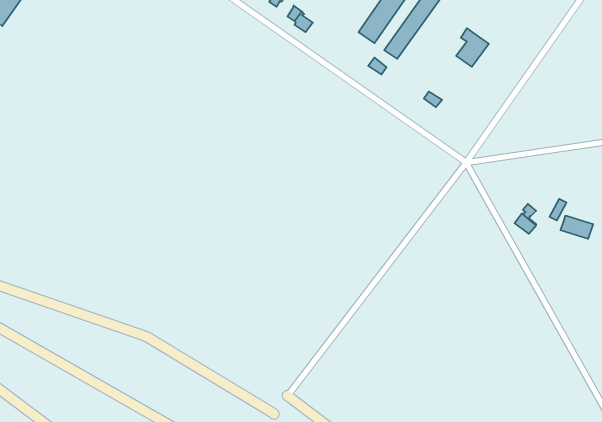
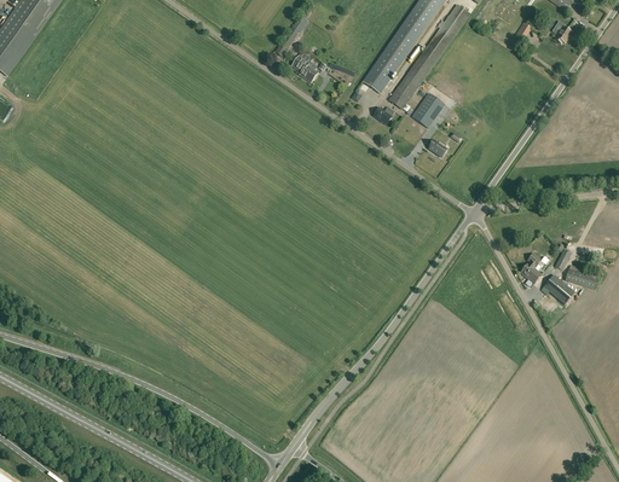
building: [456,28,489,67] -> [412,88,445,127]
building: none -> [540,273,575,304]

